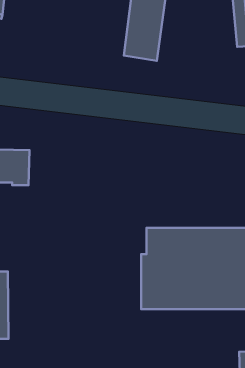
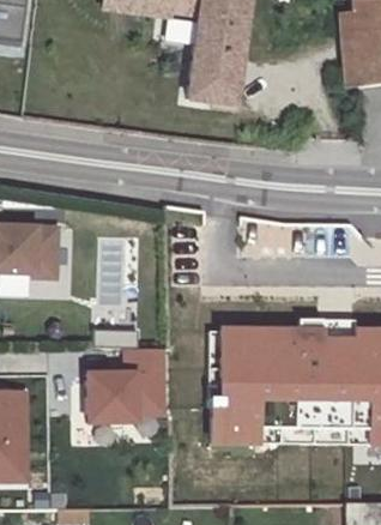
building: none -> [89,349,167,423]

